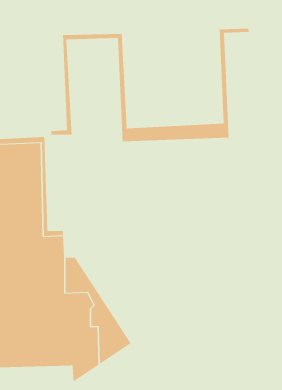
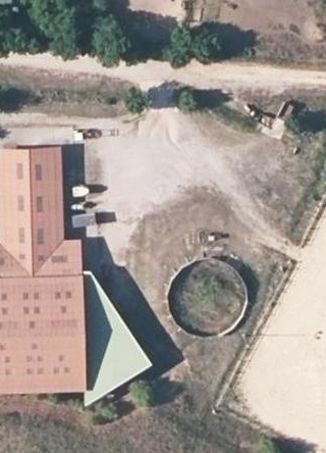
building: [51,28,249,142] -> none

